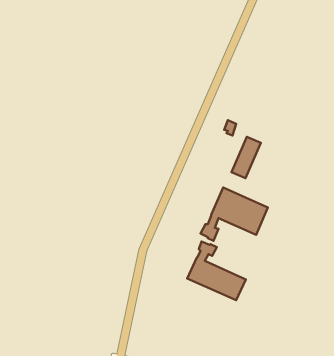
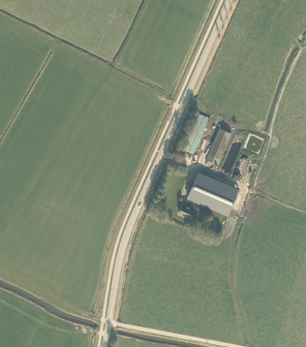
building: [187,241,246,300] -> none

